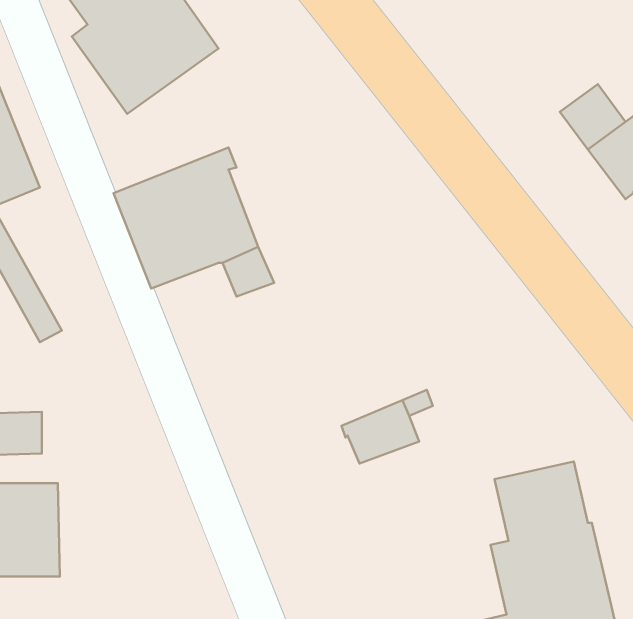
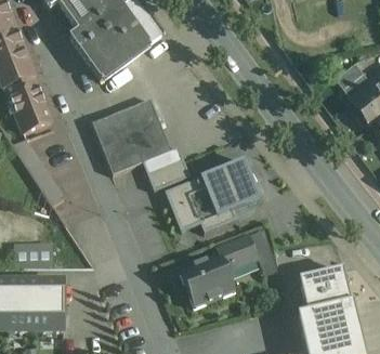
building: none -> [165,158,261,232]
building: none -> [180,253,235,306]

